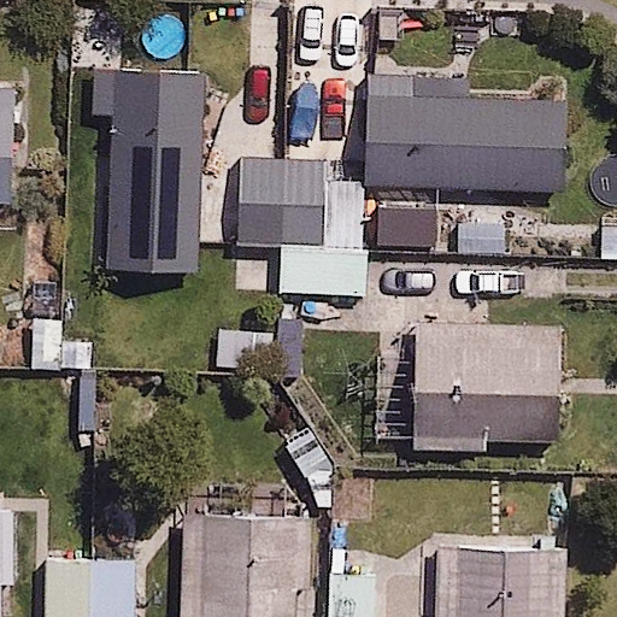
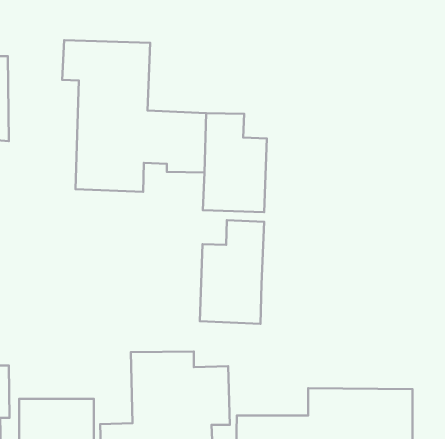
building: [365,75,568,193] -> none
building: none -> [200,220,264,324]
building: [411,330,566,454] -> none

